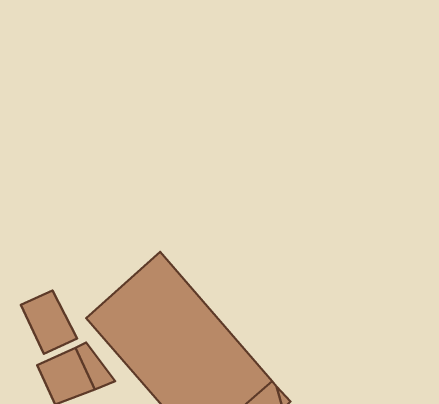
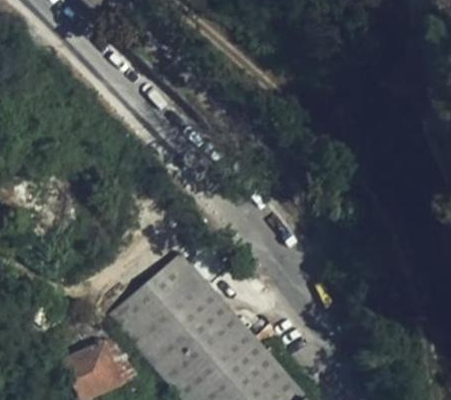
building: [21,290,77,354] -> none

